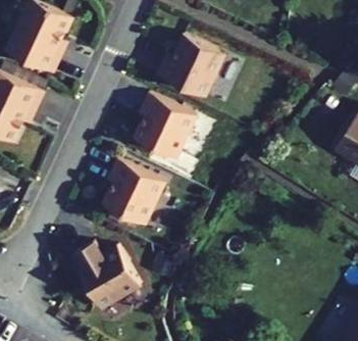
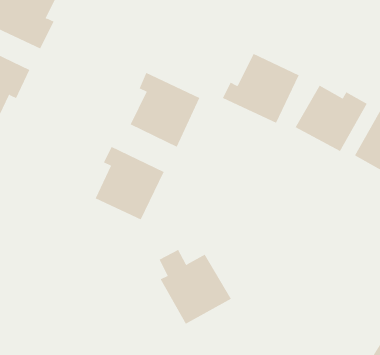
building: [157,32,225,94] -> [222,53,300,124]
building: none -> [295,85,367,152]
building: [75,238,140,304] -> [159,249,232,324]

